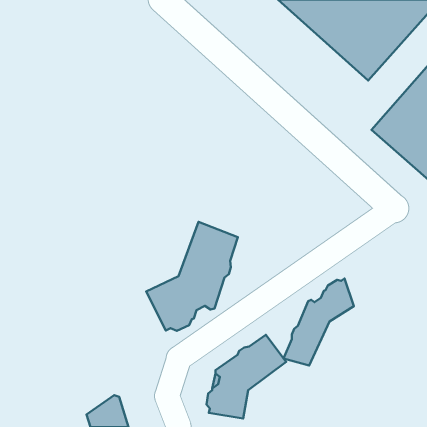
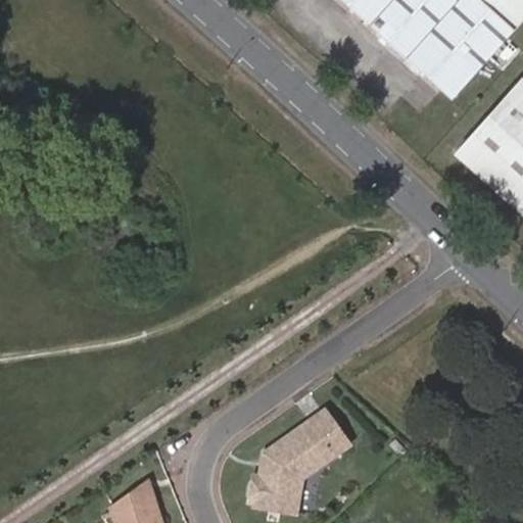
building: [146,222,238,331] -> none
building: [284,279,354,365] -> none

